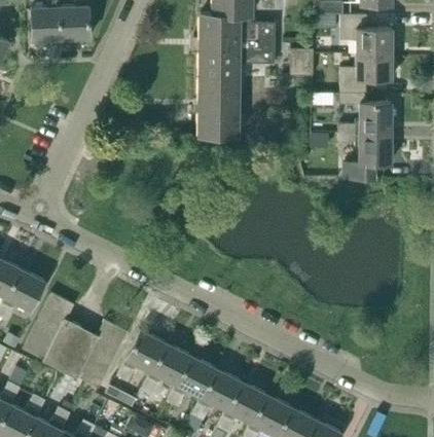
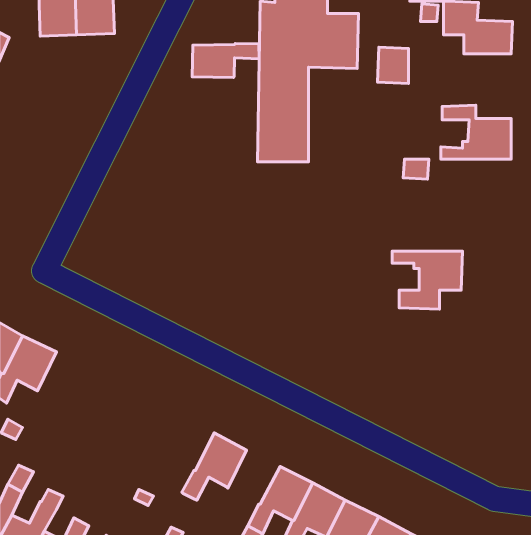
building: none -> [192,44,259,78]
building: [339,53,392,94] -> none
building: [338,134,392,178] -> [392,251,462,309]
building: [22,293,128,390] -> none
building: [116,329,166,381] -> none
building: [166,356,216,407] -> none

